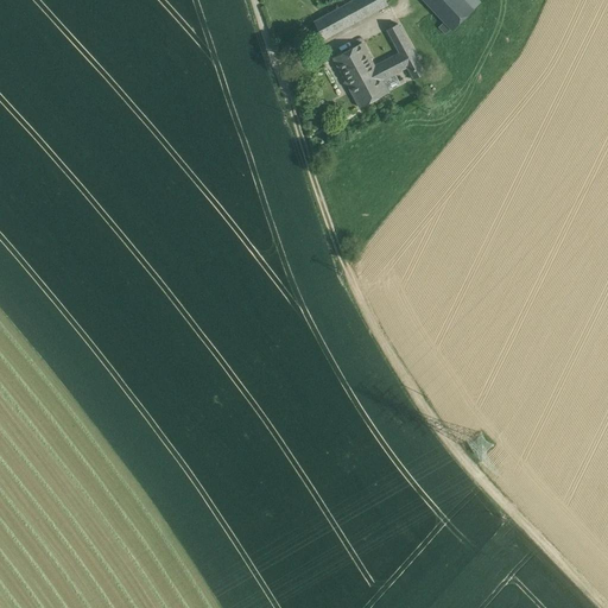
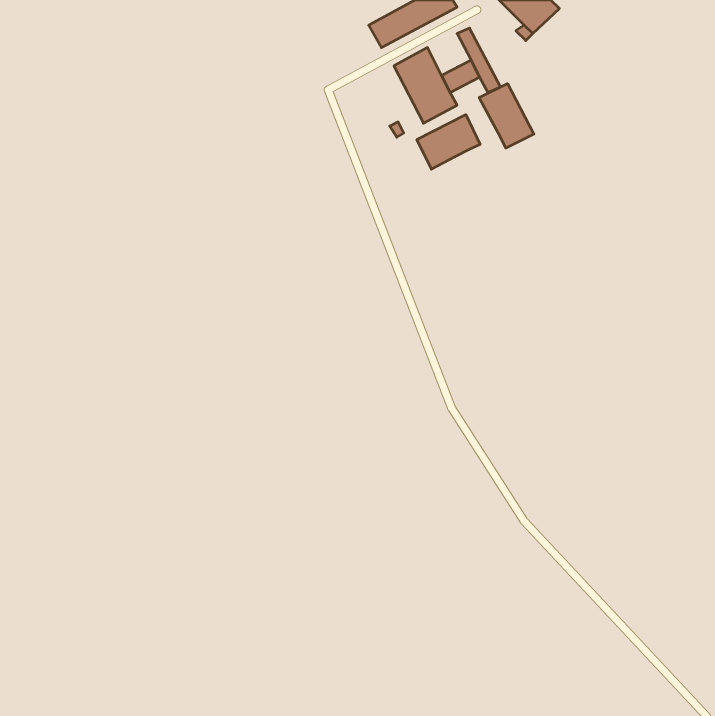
building: none -> [479,84,534,148]
building: none -> [417,115,480,169]

